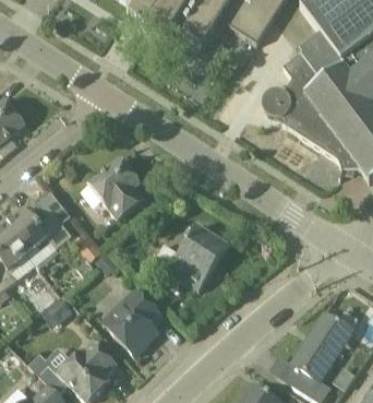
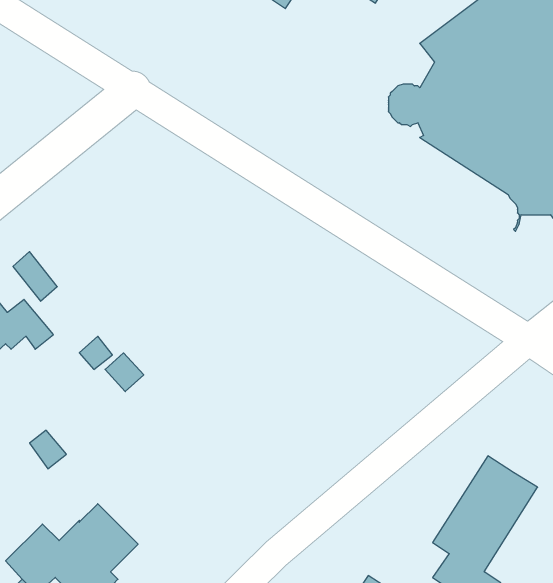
building: [88,157,144,218] -> none
building: [154,225,228,291] -> none
building: [103,288,163,355] -> none

